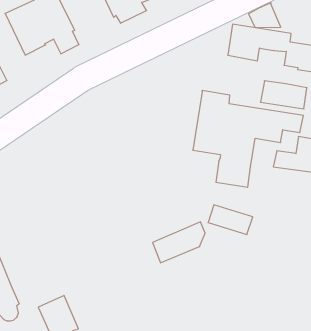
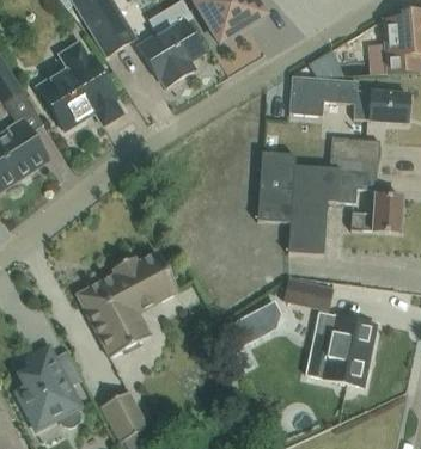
building: none -> [75,250,178,357]
building: none -> [304,315,376,385]

